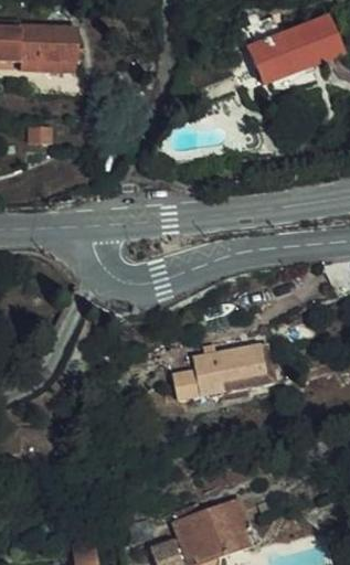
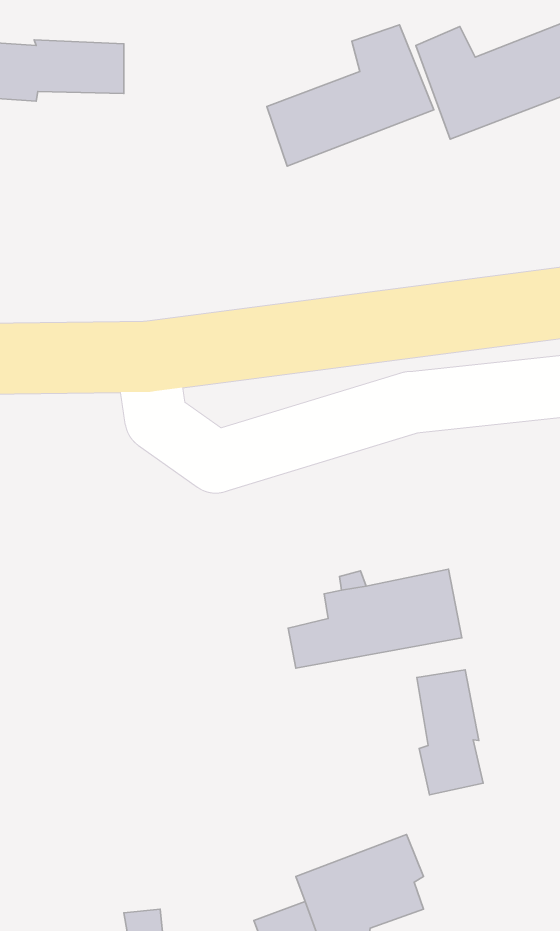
building: none -> [267,25,434,166]
building: none -> [417,670,483,795]

